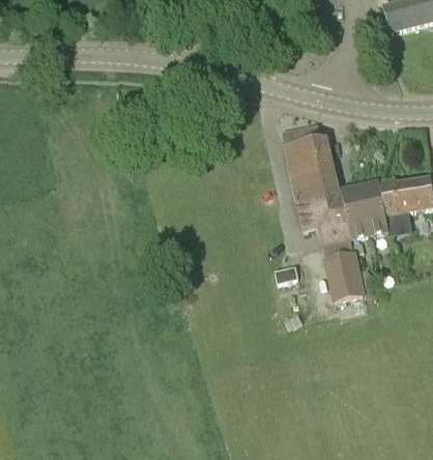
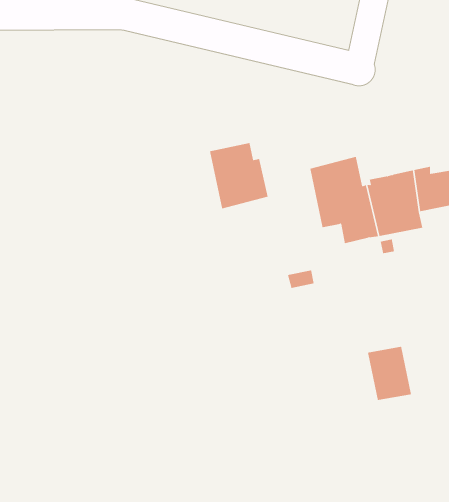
building: [283,123,333,179] -> [209,142,269,209]
building: [325,253,363,298] -> [367,346,412,401]

